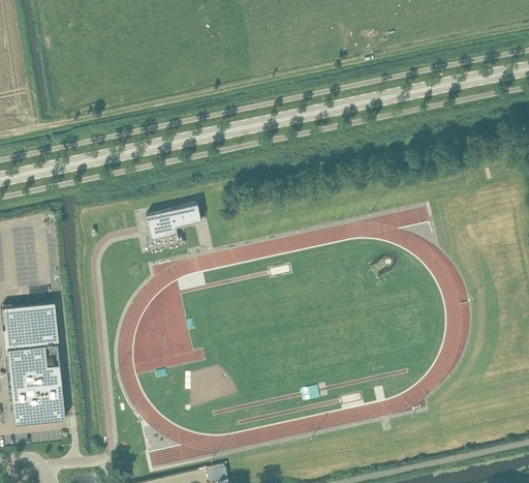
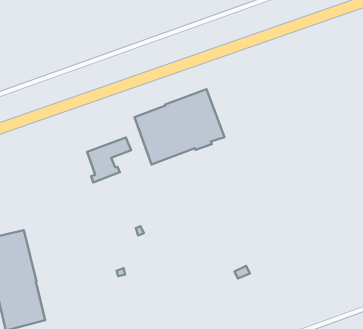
building: none -> [134,89,225,164]

